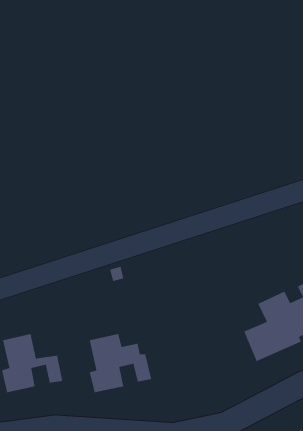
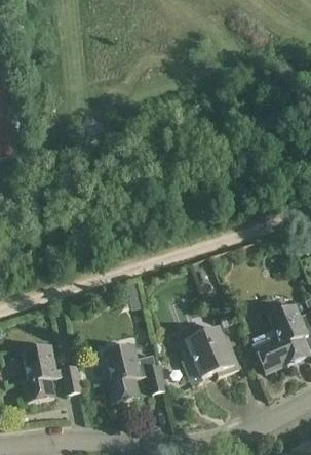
building: none -> [179,326,238,377]

